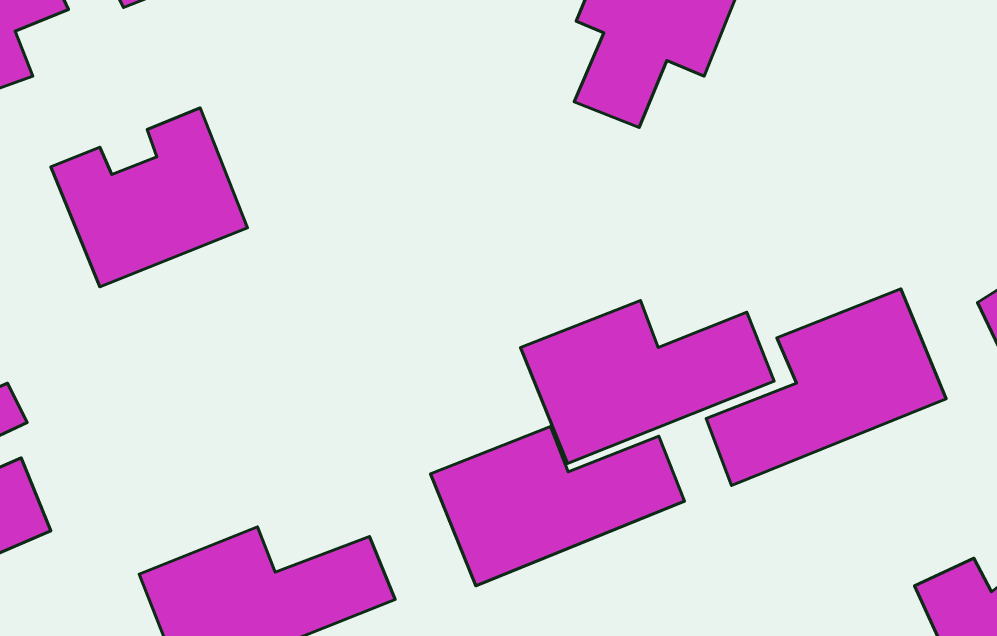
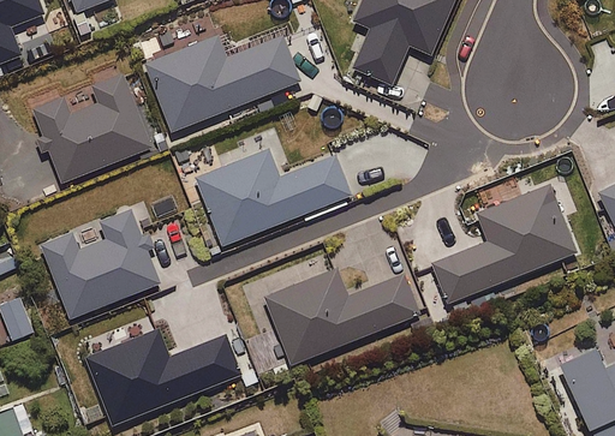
building: none -> [143,36,300,132]
building: [520,300,774,464] -> [195,149,350,249]
building: none -> [40,208,161,318]

